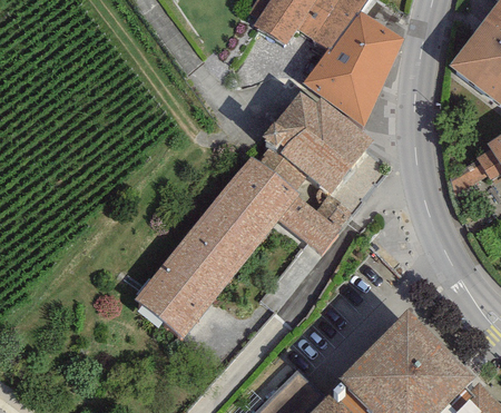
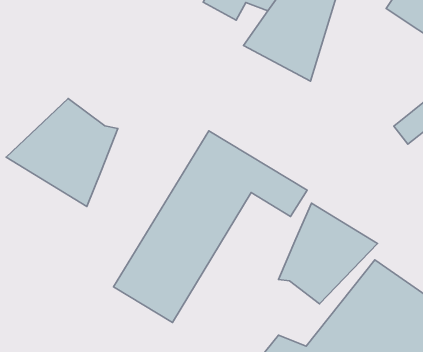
building: [261,91,371,191] -> none
building: none -> [6,98,118,206]
building: none -> [278,203,378,304]

